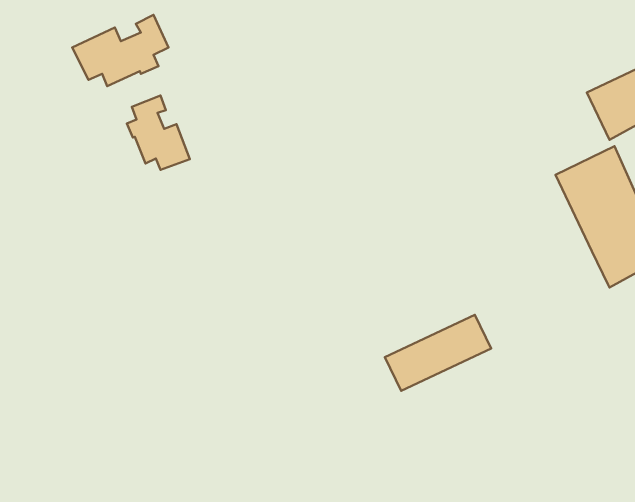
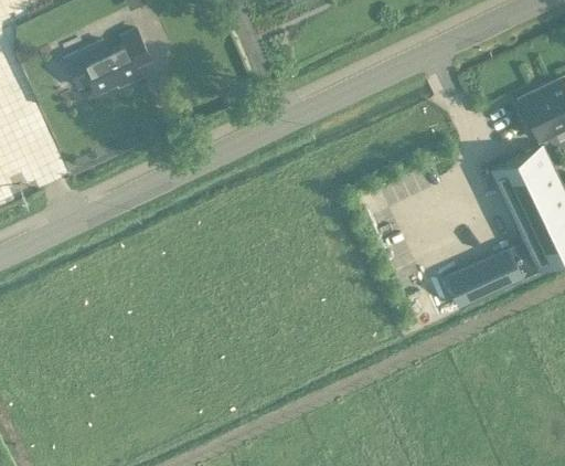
building: [127,95,190,170] -> none
building: [385,315,491,391] -> [445,241,539,308]

